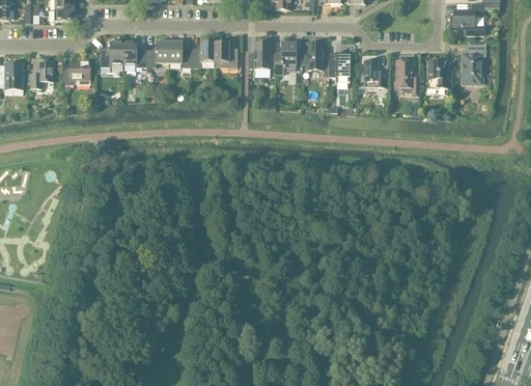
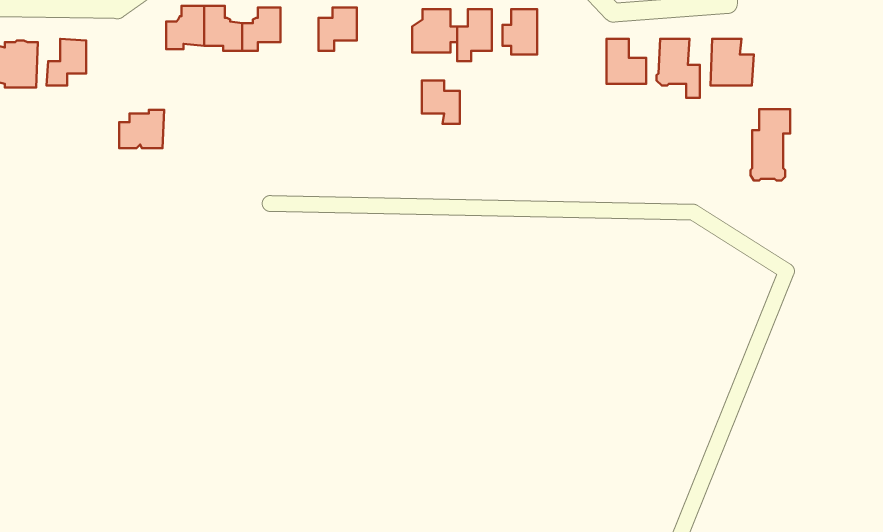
building: [169,42,192,67] -> none
building: [215,42,237,67] -> [422,80,460,124]
building: [462,42,485,84] -> [750,109,790,180]
building: [329,53,350,82] -> none
building: [63,61,90,84] -> [119,110,164,148]

